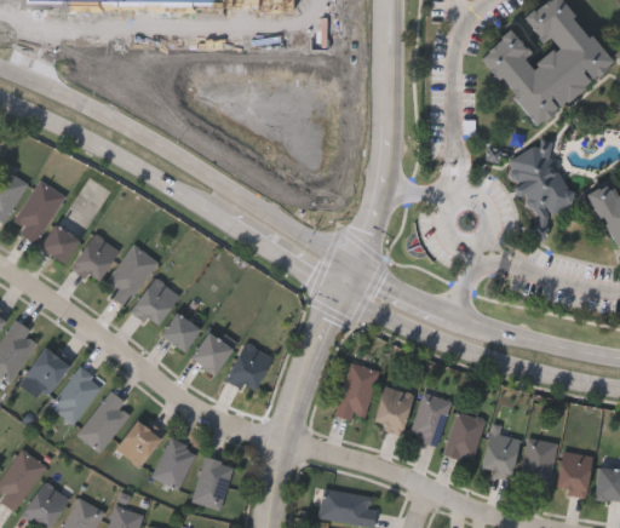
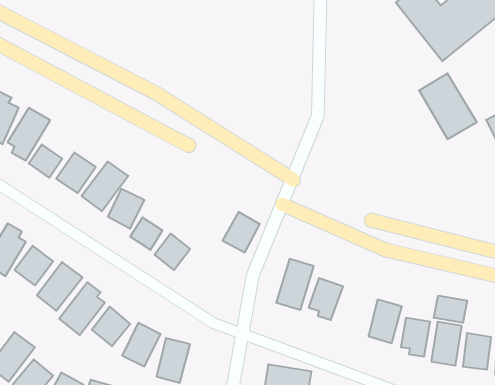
building: [226,343,271,391] -> [222,212,260,253]
building: [411,394,452,446] -> none
building: none -> [434,296,467,323]

